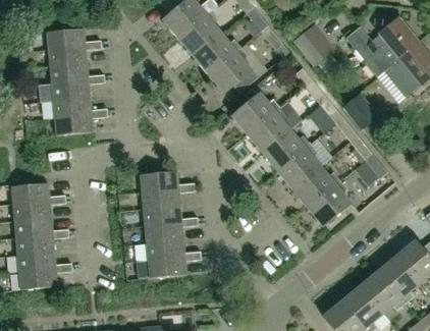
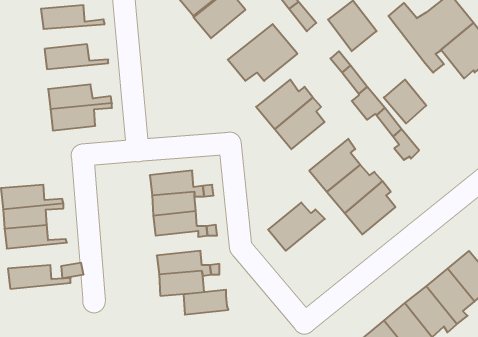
building: [193,33,241,75] -> none
building: [48,45,101,66] -> none
building: [51,78,104,101] -> none
building: [262,129,311,171] -> [268,202,325,251]
building: [355,154,394,187] -> none
building: [145,223,183,244] -> [184,290,228,315]
building: [16,233,68,256] -> none
building: [19,268,72,291] -> none

